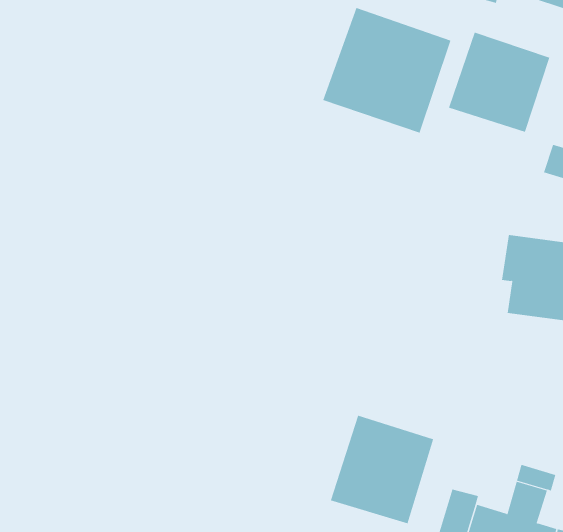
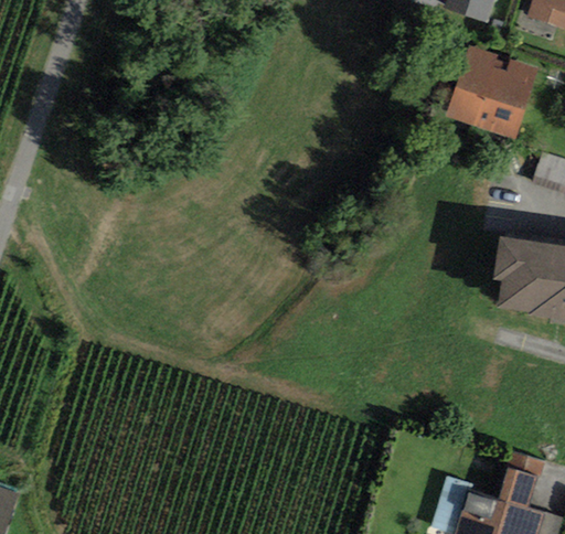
building: [323,7,451,133] -> none
building: [330,415,434,524] -> none

